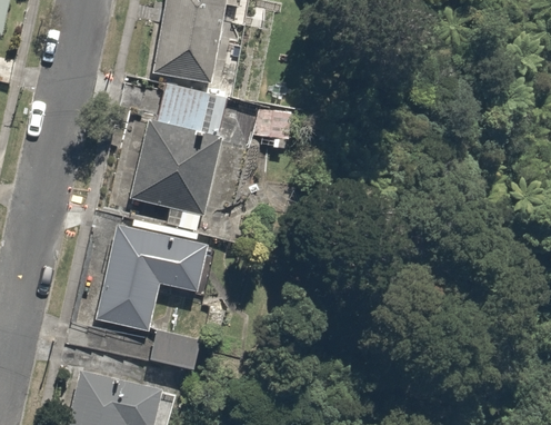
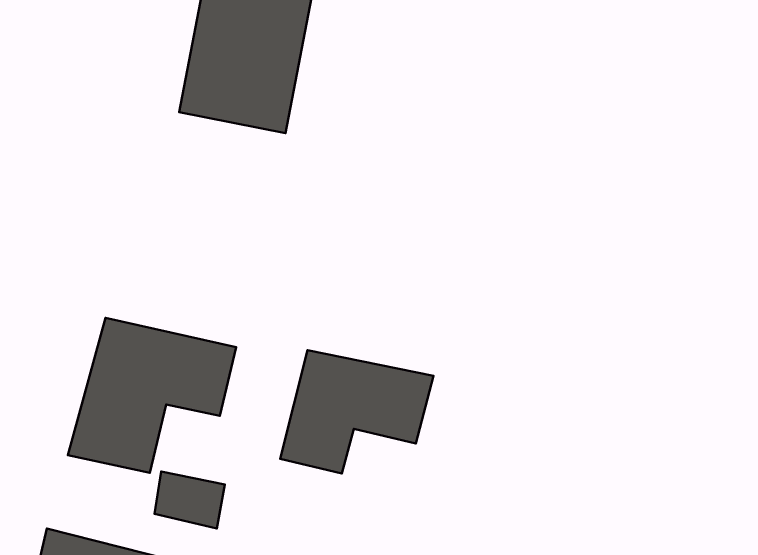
building: [140,97,249,227] -> none
building: none -> [280,350,433,473]

